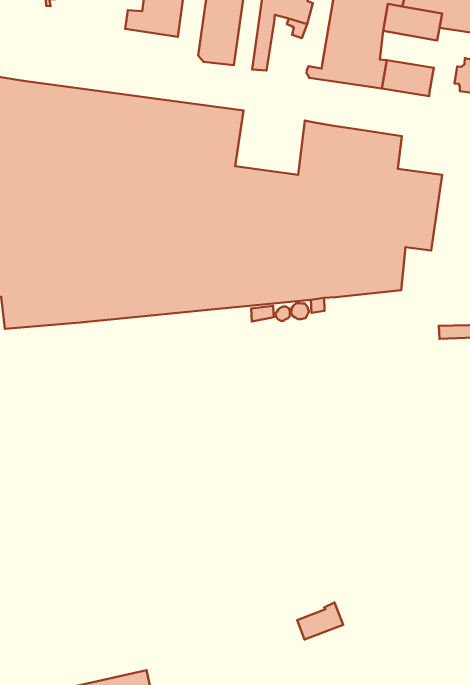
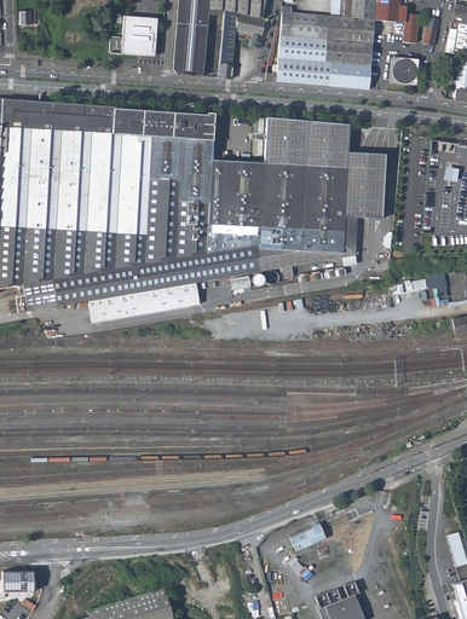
building: none -> [325,39,373,66]
building: none -> [90,283,200,322]

